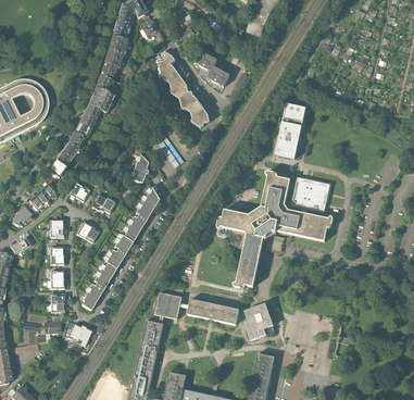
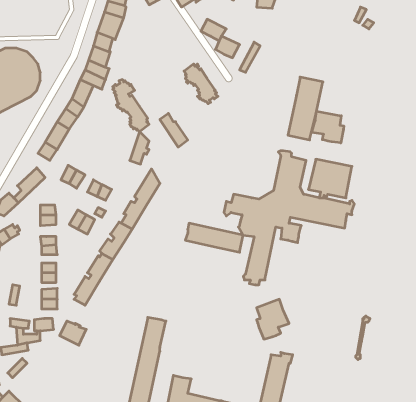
building: [155,51,188,98] -> [113,80,149,131]
building: none -> [312,111,344,143]
building: [155,291,181,318] -> none
building: [187,298,239,324] -> [185,223,243,252]

